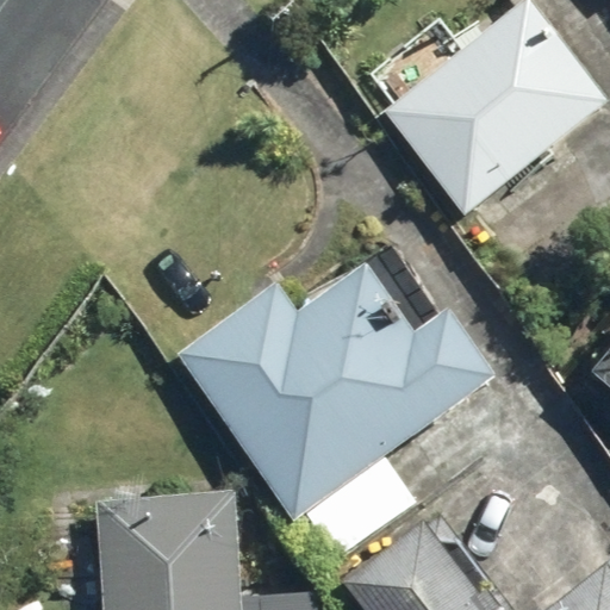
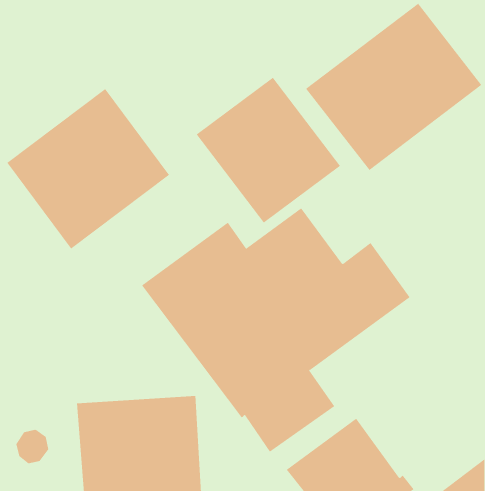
building: none -> [196,77,341,224]
building: none -> [7,88,170,249]

